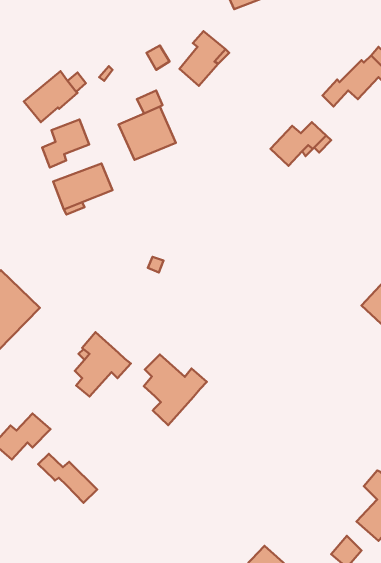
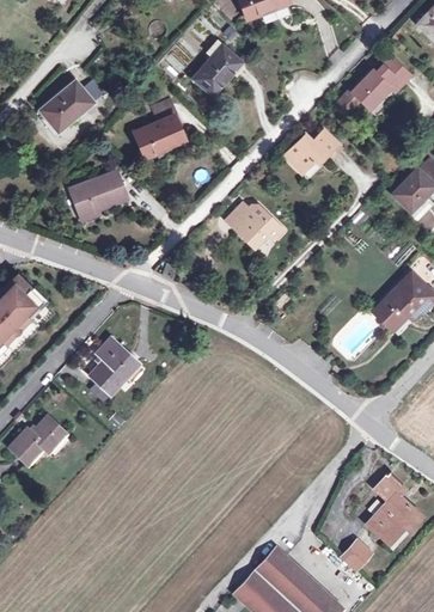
building: [42,119,89,168] -> none
building: none -> [225,202,282,247]
building: [144,354,207,425] -> none
building: [38,454,97,503] -> none

